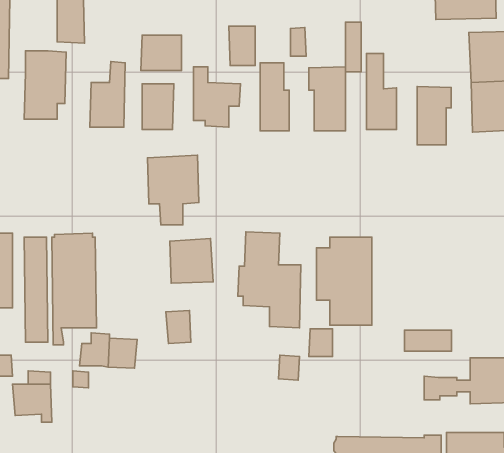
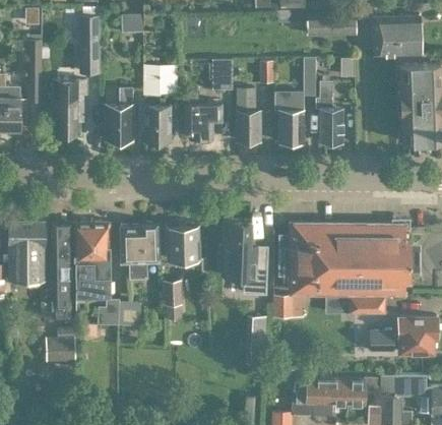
building: [417,86,451,145] -> none
building: [148,155,199,225] -> [120,225,160,279]
building: none -> [323,224,409,293]

